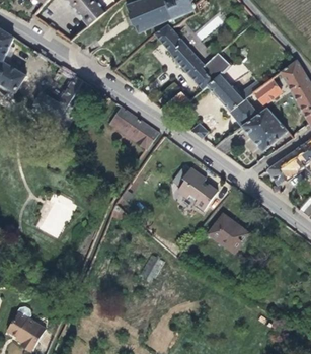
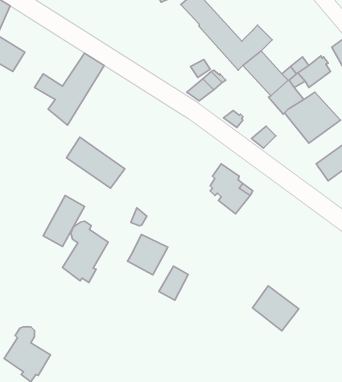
building: [109,107,158,149] -> [66,137,125,188]
building: [209,216,247,254] -> [252,286,299,331]
building: none -> [62,221,108,283]
building: none -> [127,235,168,275]

